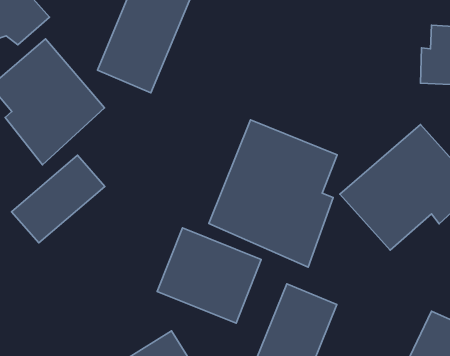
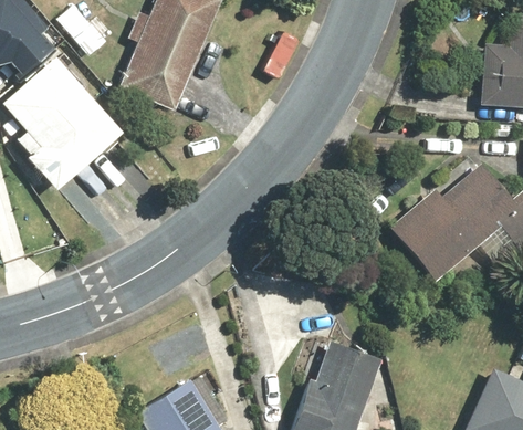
building: [209,120,337,267] -> none
building: [12,155,105,243] -> none
building: [157,228,261,323] -> none

